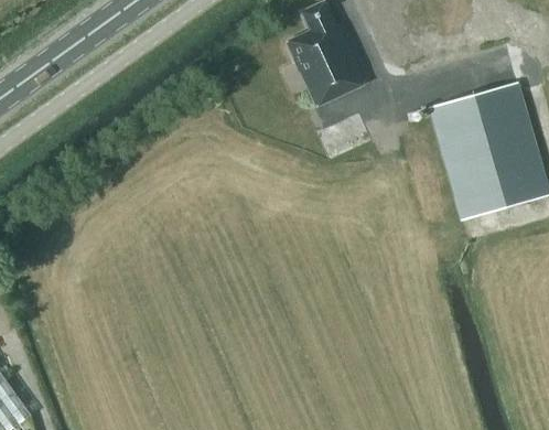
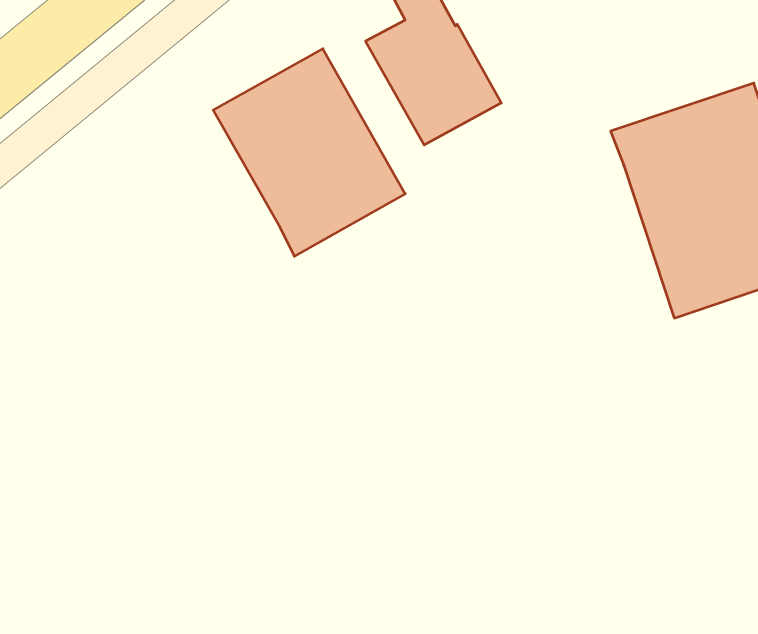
building: none -> [213,49,405,256]

